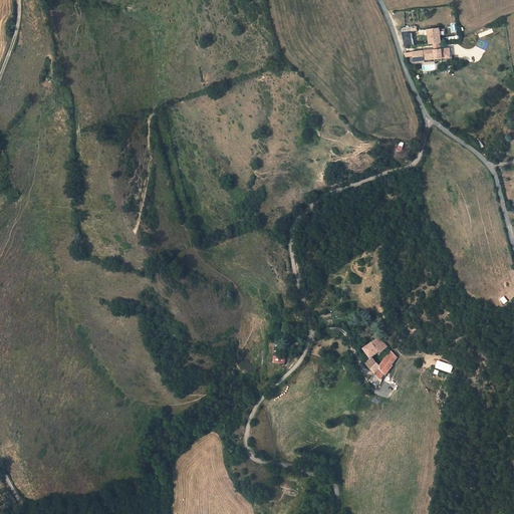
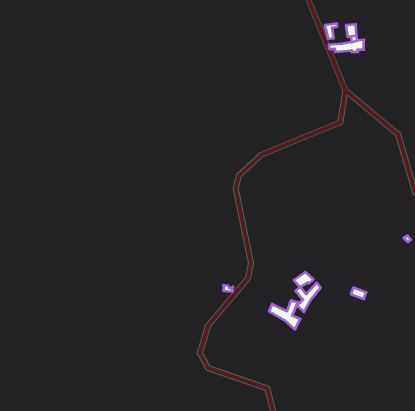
building: none -> [269,300,300,329]

